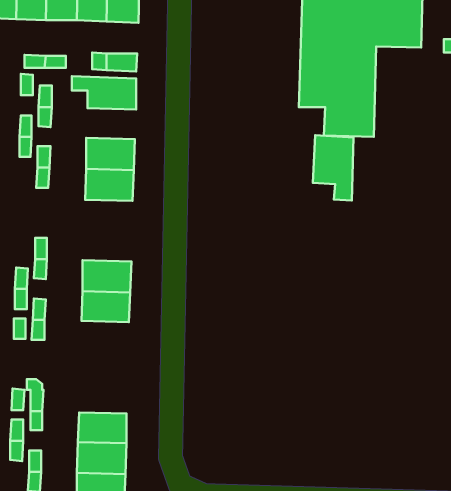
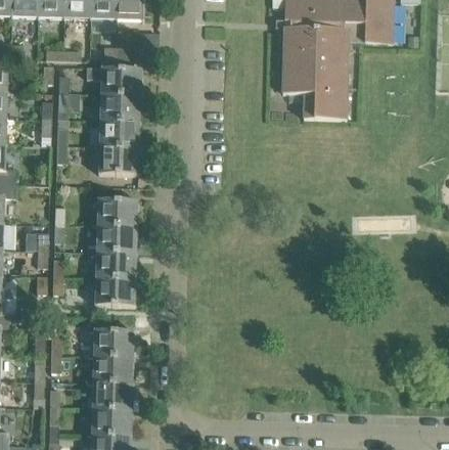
building: none -> [98,94,141,121]
building: [313,135,354,200] -> none
building: none -> [95,198,138,226]
building: none -> [93,277,135,305]
building: none -> [92,328,134,357]

